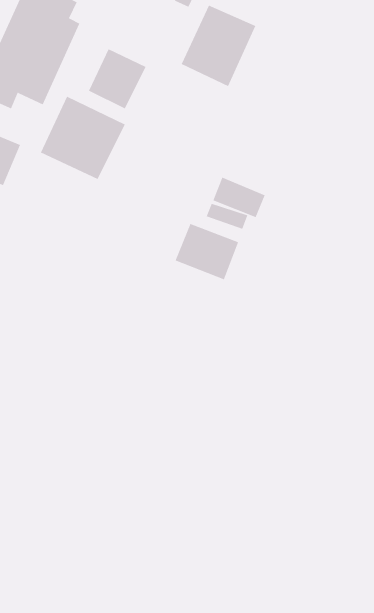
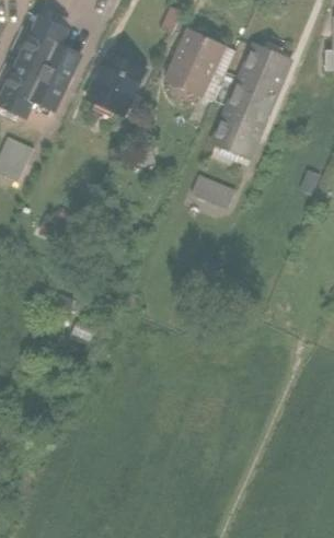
building: none -> [212,47,288,160]
building: [40,96,125,180] -> none
building: [175,223,239,280] -> none

